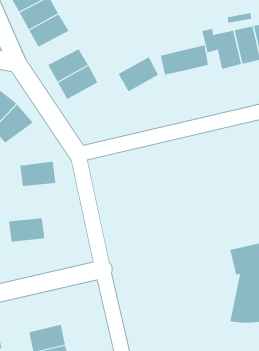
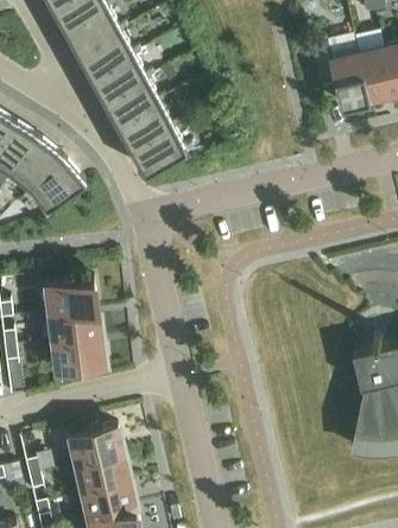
building: none -> [91,57,147,103]
building: [160,45,208,75] -> none
building: [118,57,159,92] -> [131,127,187,176]
building: [19,161,56,187] -> [48,281,97,316]
building: none -> [55,339,105,374]
building: none -> [71,427,124,466]

